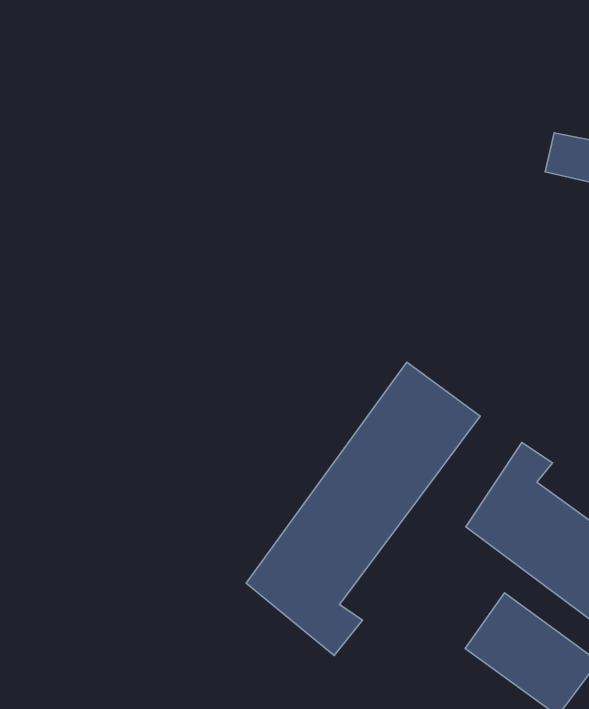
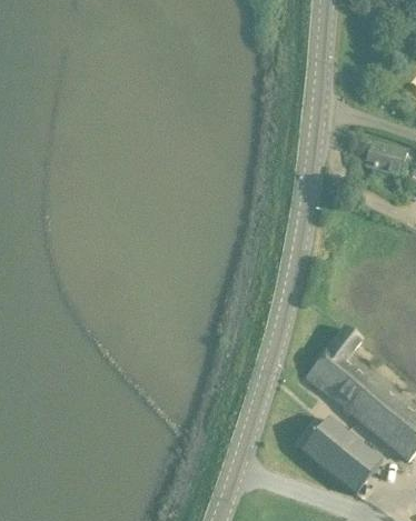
building: [246,362,480,656] -> none

